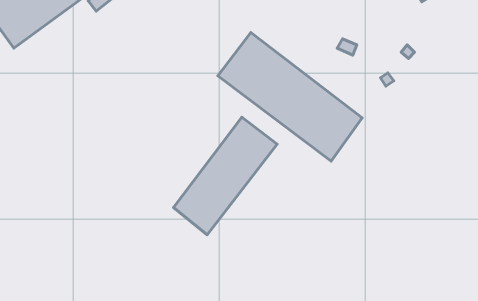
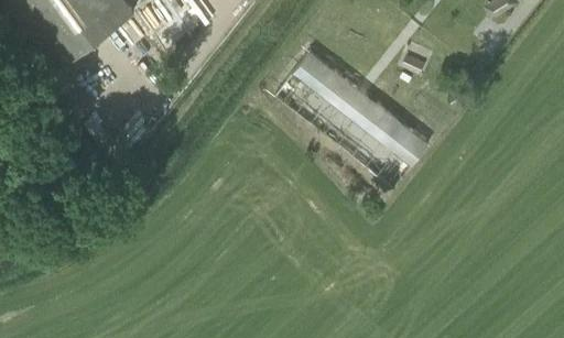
building: [173,117,277,235] -> none

